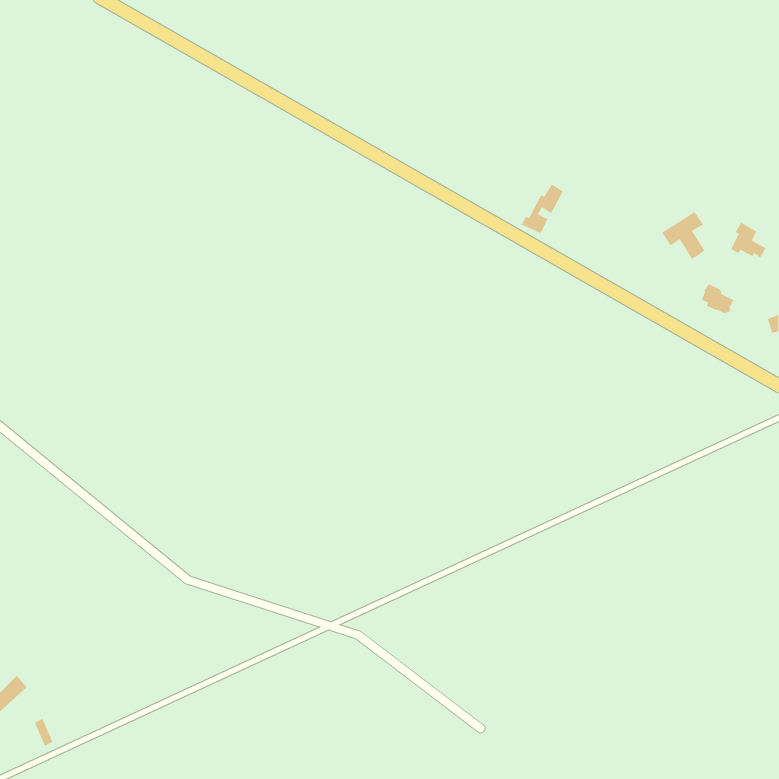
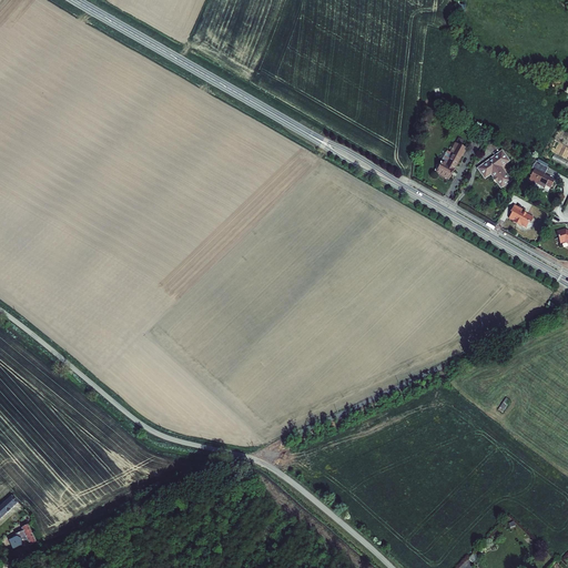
building: [521,184,564,234] -> [433,143,464,180]

